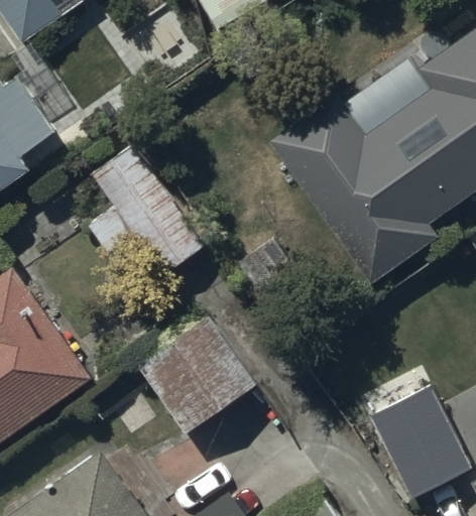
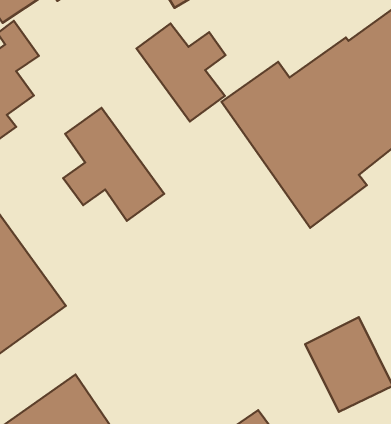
building: none -> [136,23,226,122]
building: [137,321,255,438] -> none

